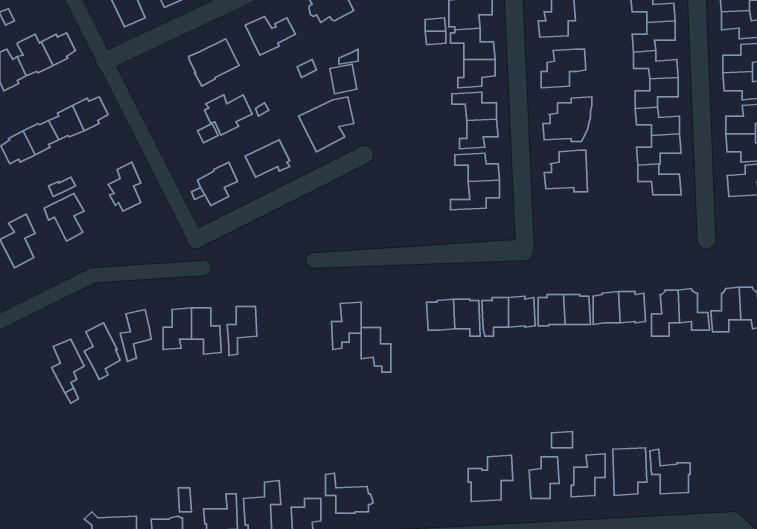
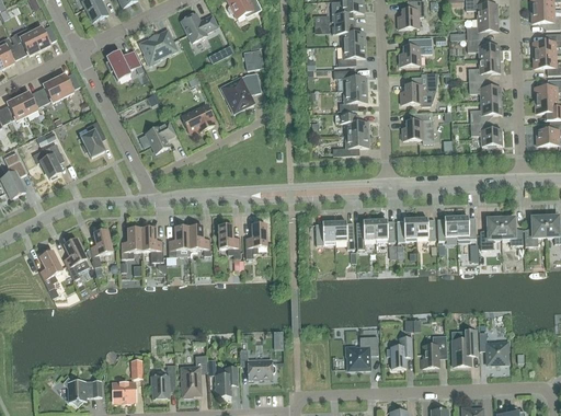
building: [204,95,252,135] -> [105,50,140,80]
building: none -> [188,226,210,255]
building: [361,328,391,372] -> [218,226,240,258]

